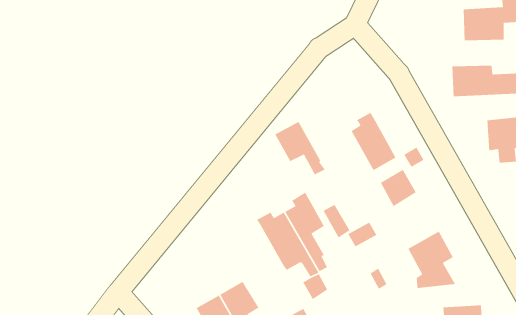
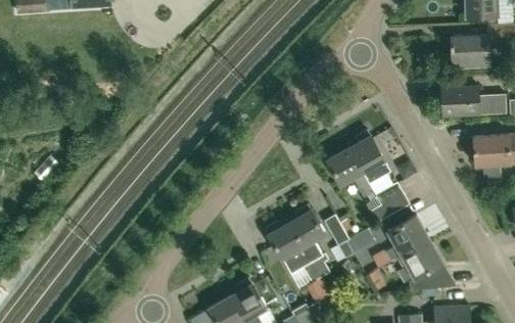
building: [274,121,326,176] -> [326,147,373,197]
building: none -> [384,215,429,261]

